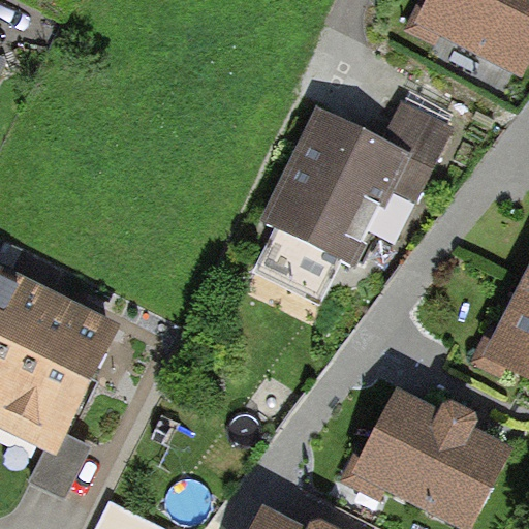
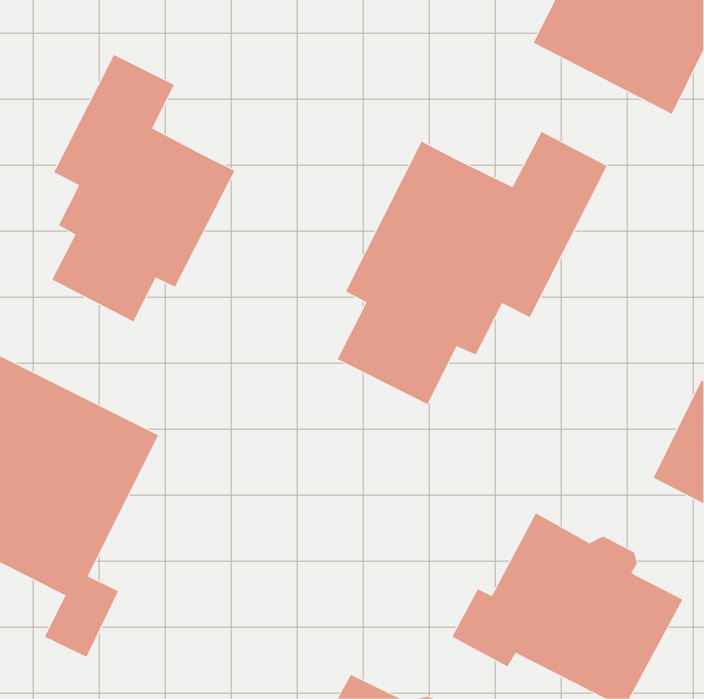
building: none -> [52,54,235,322]

